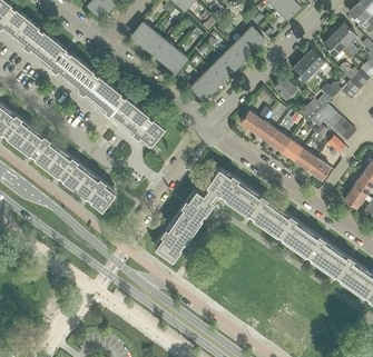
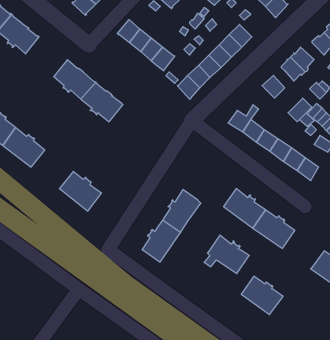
building: [40,40,81,79] -> none
building: [122,107,164,146] -> none
building: [46,151,87,189] -> none
building: [203,169,247,207] -> [204,235,249,274]
building: [293,230,334,268] -> [241,276,283,315]

